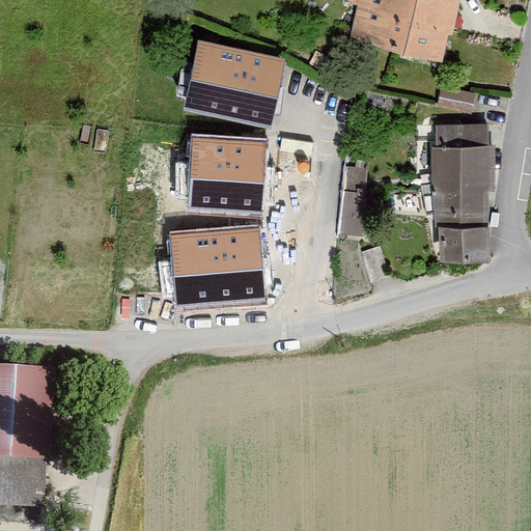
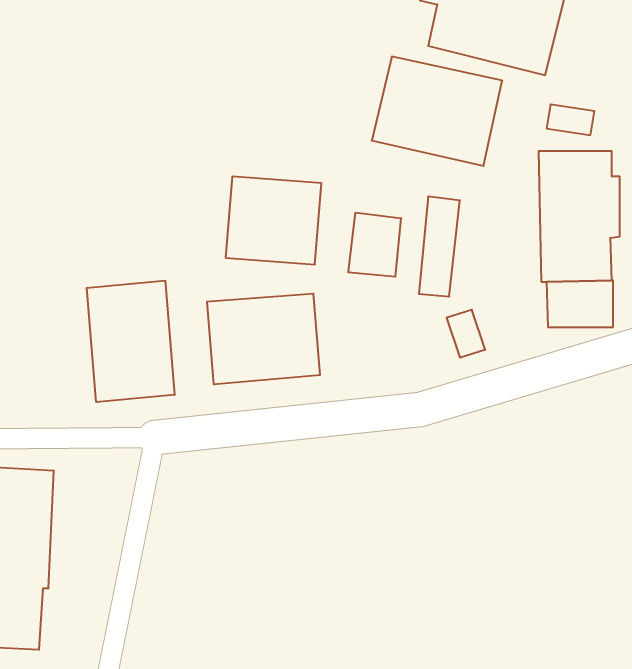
building: [184,35,285,120] -> [372,57,502,166]
building: none -> [348,213,401,277]
building: none -> [87,281,175,402]

